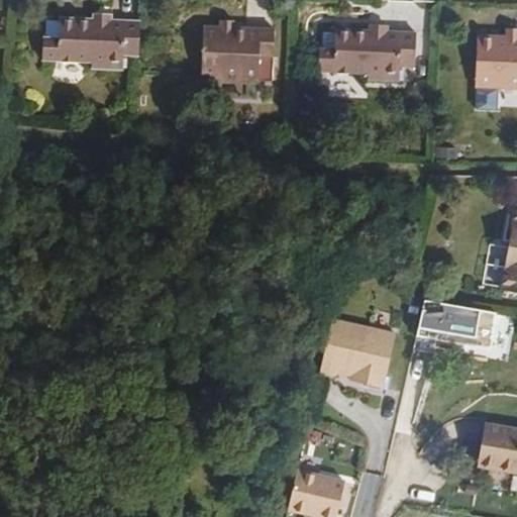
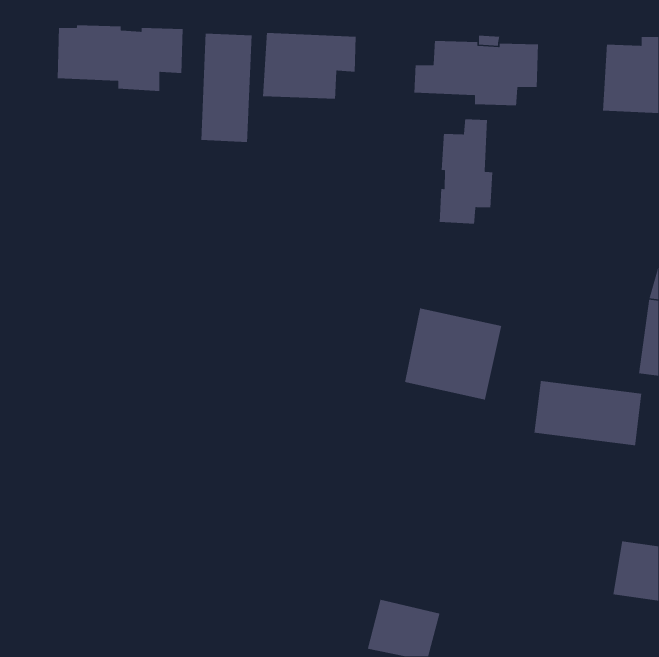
building: none -> [200,33,252,143]
building: none -> [439,119,493,224]
building: [321,314,398,387] -> [404,307,502,401]

